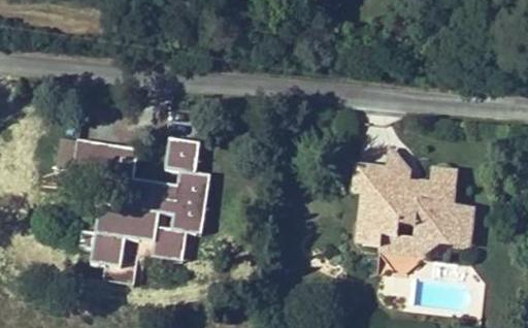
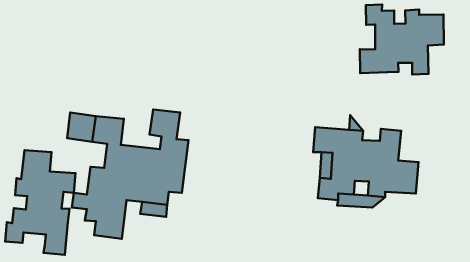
building: none -> [360,5,444,74]
building: none -> [5,150,75,255]

